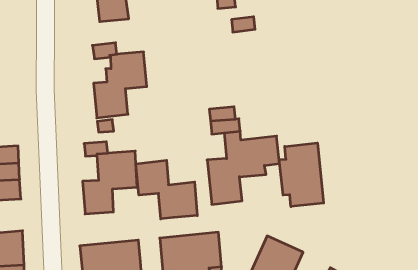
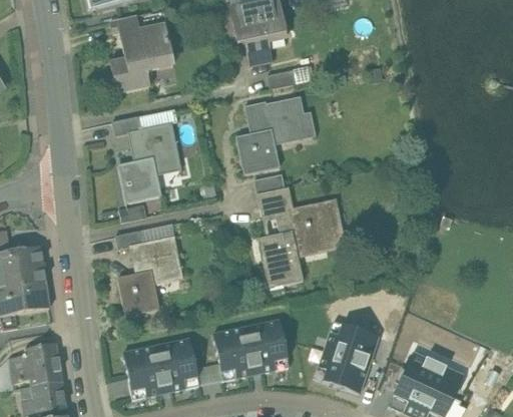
building: none -> [235,96,311,175]
building: [279,143,324,207] -> none
building: [136,160,197,219] -> none

